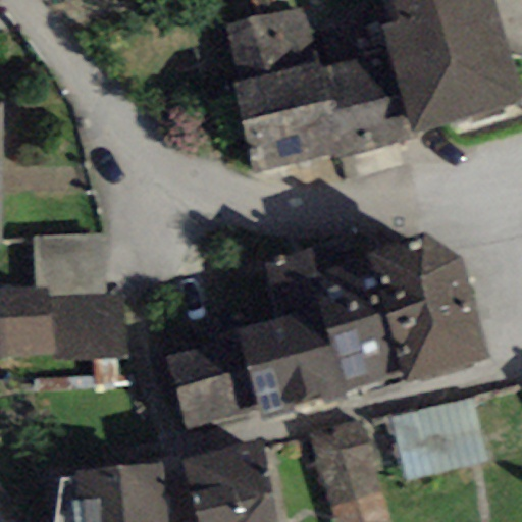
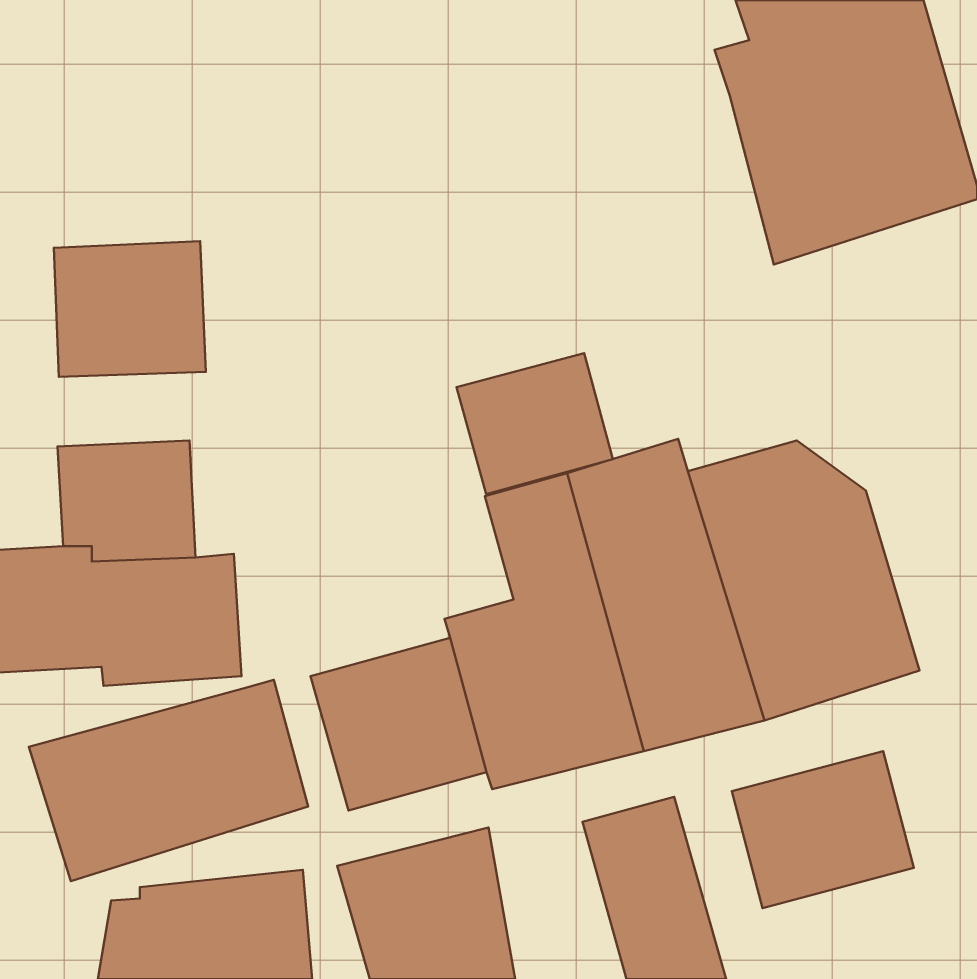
building: [227,7,412,175] -> none
building: none -> [54,241,206,377]
building: none -> [457,353,613,494]
building: none -> [29,680,308,881]

